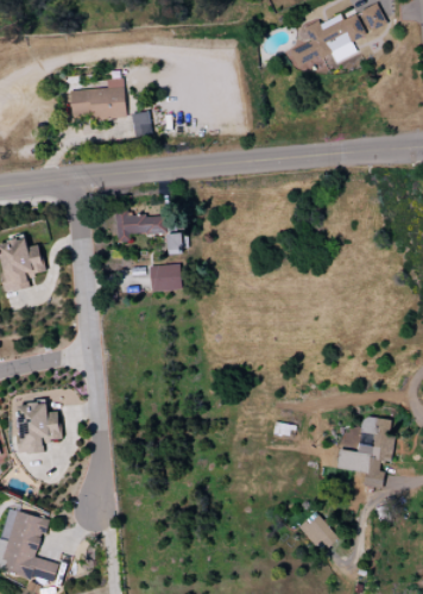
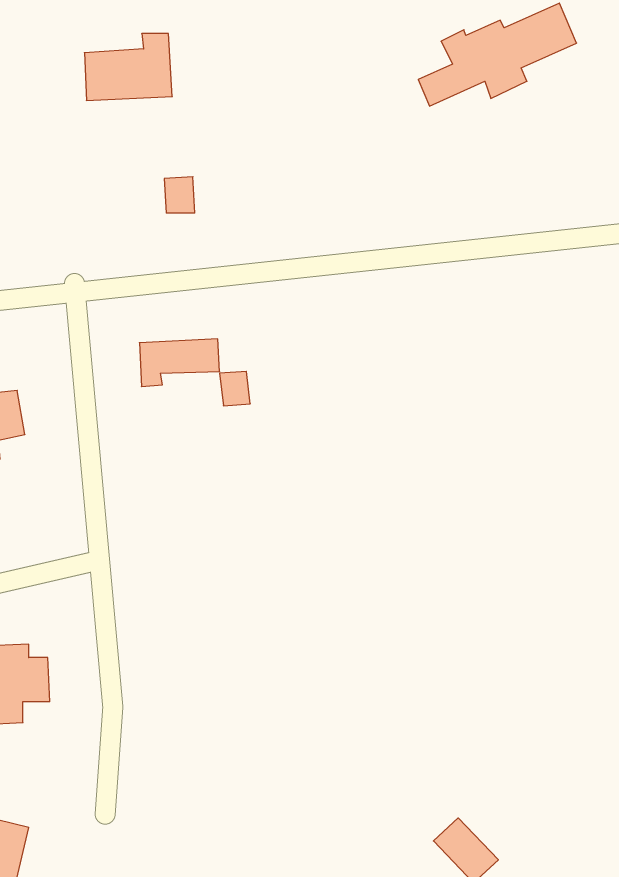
building: [70,77,125,119] -> [84,34,172,100]
building: [150,264,181,290] -> none
building: [336,415,394,487] -> none

